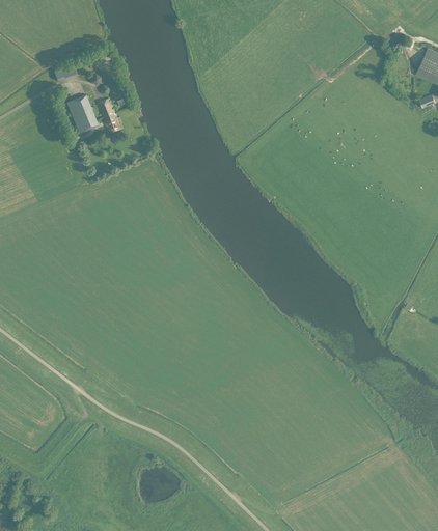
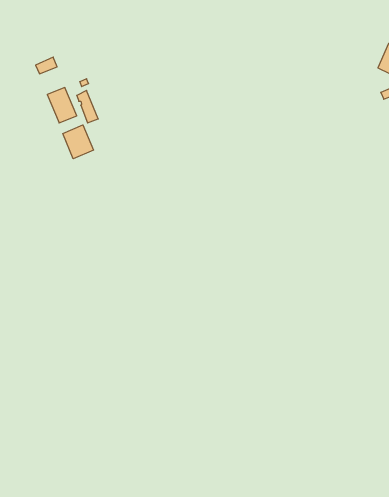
building: none -> [63,125,93,159]

